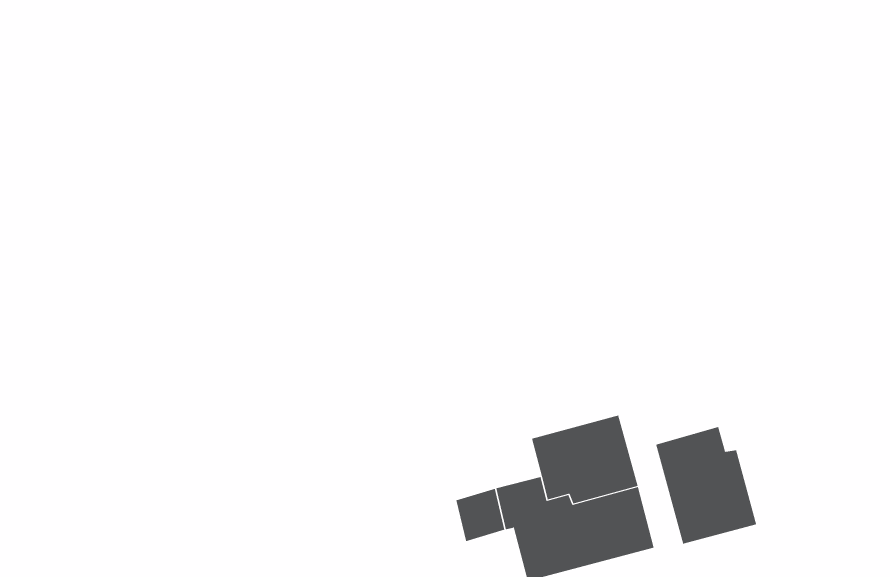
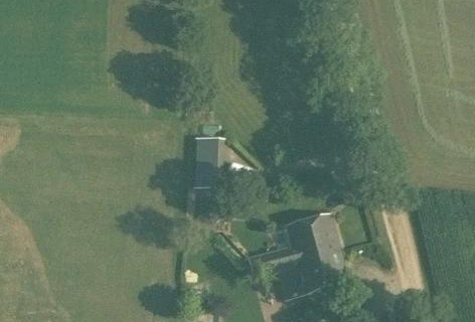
building: none -> [193,139,222,188]
building: [656,426,757,545] -> none

